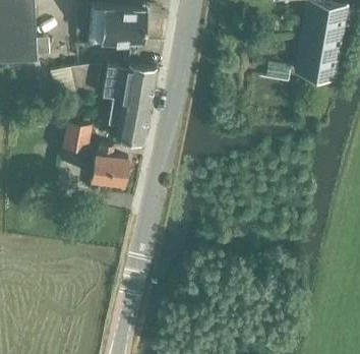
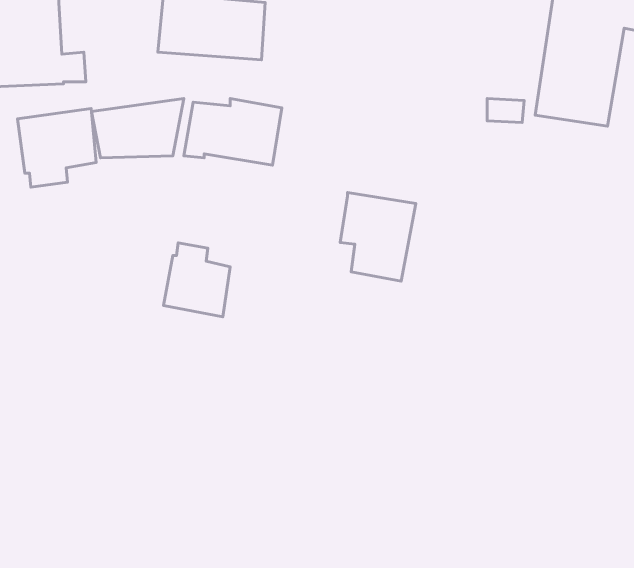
building: none -> [17,108,96,187]
building: [109,95,151,143] -> [340,192,416,281]
building: [63,122,93,153] -> none

